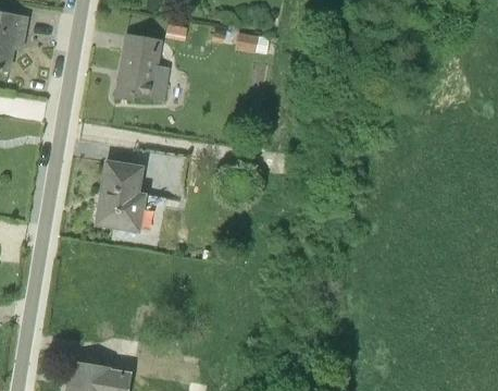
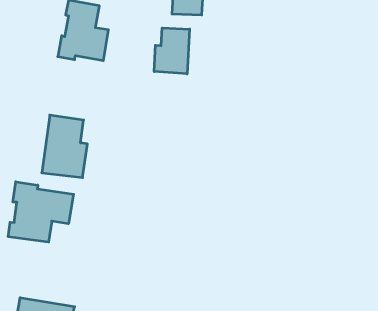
building: none -> [154,28,190,74]
building: none -> [8,182,74,242]

